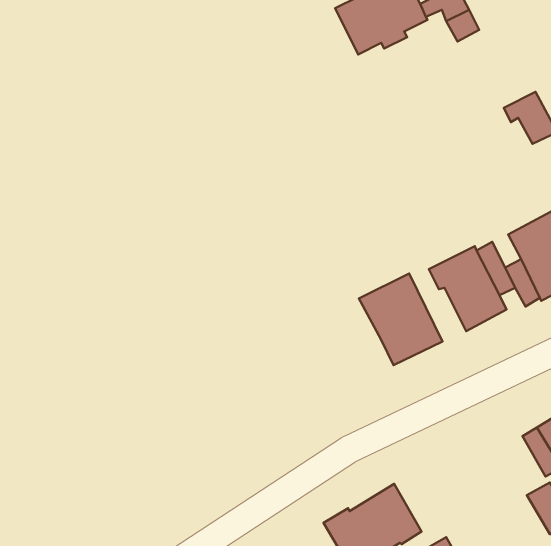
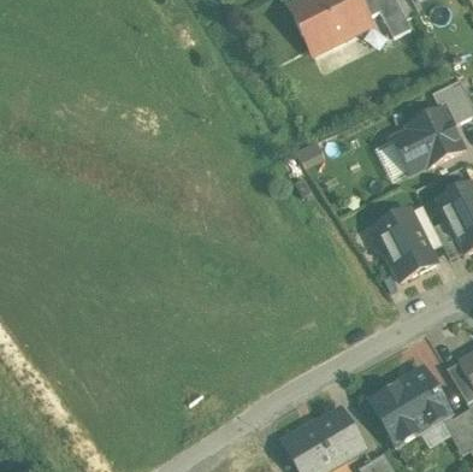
building: none -> [392,108,461,172]
building: [359,273,443,365] -> none
building: none -> [369,368,450,444]

